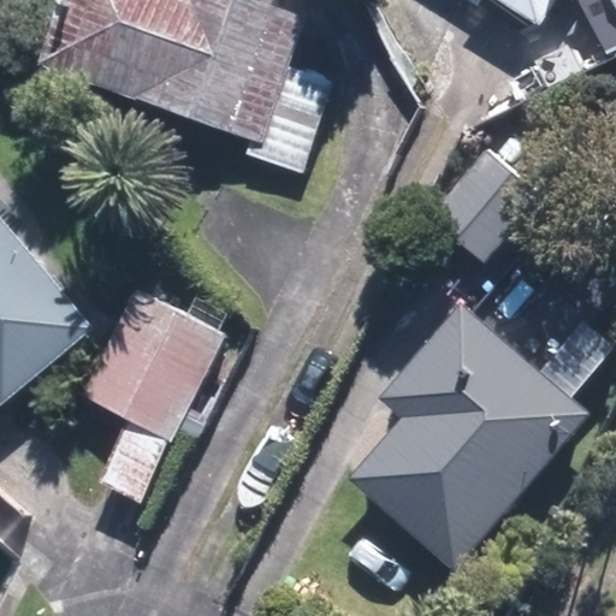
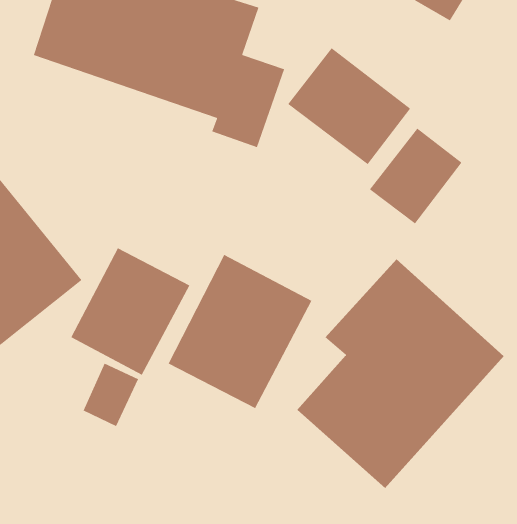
building: none -> [287,47,411,165]
building: none -> [168,254,312,409]

